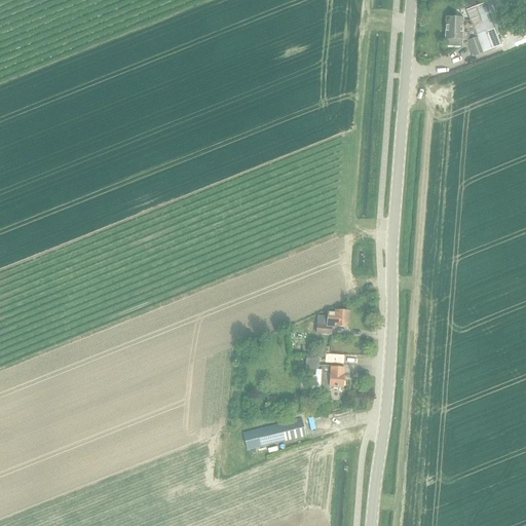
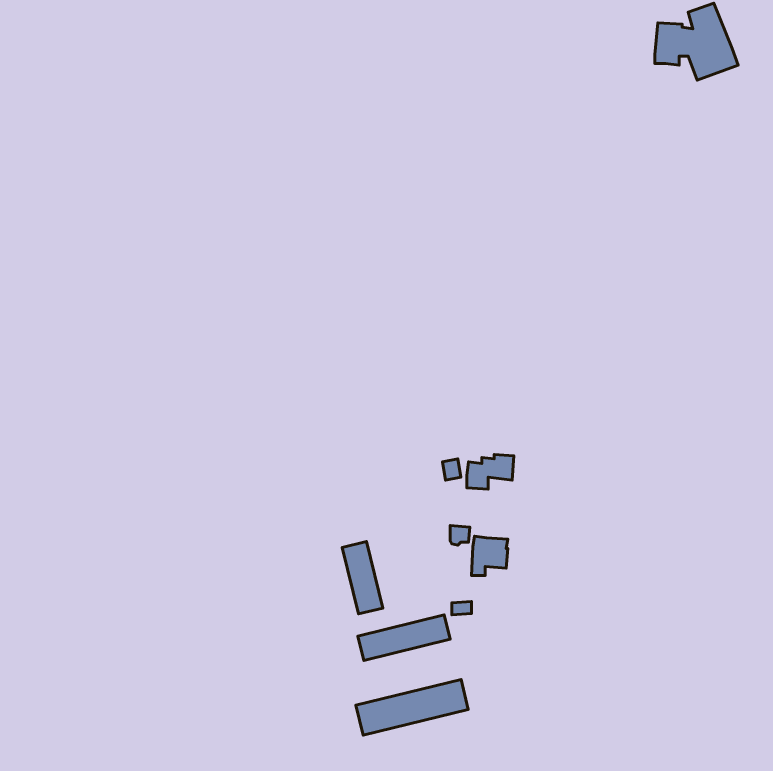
building: none -> [342,542,383,614]
building: none -> [356,679,468,735]

